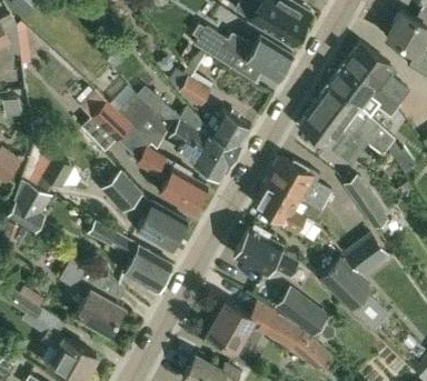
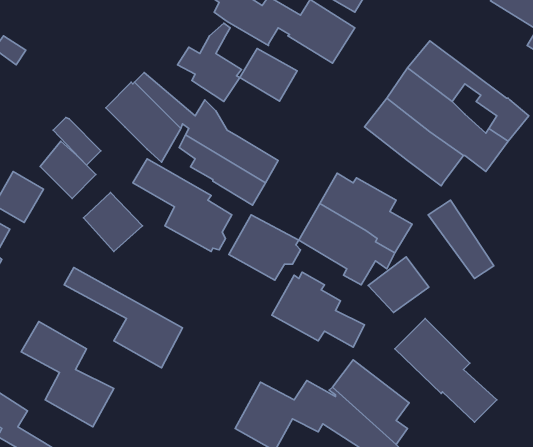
building: [344,42,408,104] -> none
building: [92,101,131,141] -> [40,141,96,199]
building: [210,111,250,148] -> [240,49,297,101]
building: [137,203,187,249] -> [229,215,301,280]
building: [344,234,386,273] -> [368,257,429,313]

